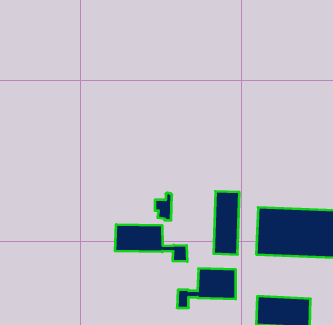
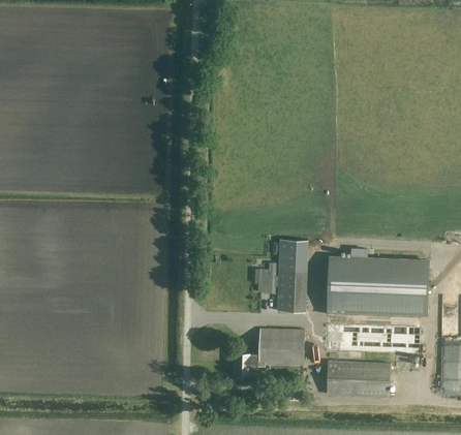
building: [155,193,172,220] -> [255,260,275,292]
building: [115,224,187,262] -> none

